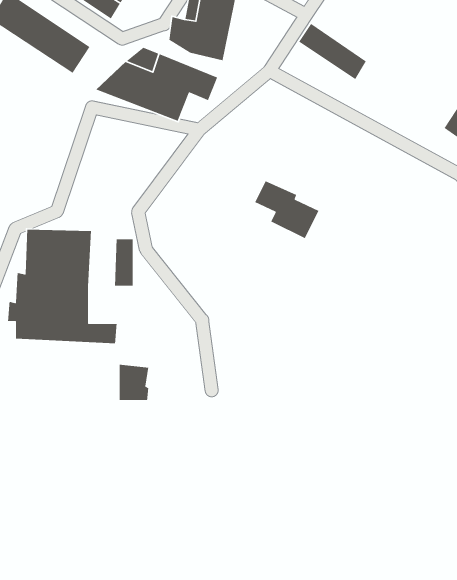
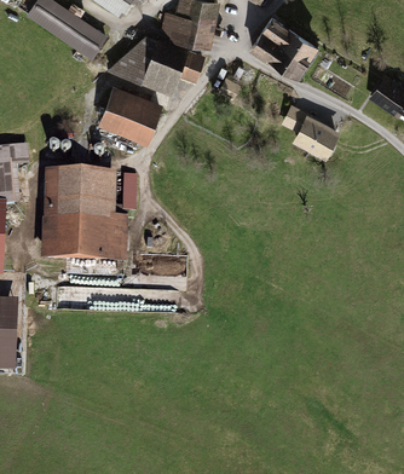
building: none -> [253,33,306,76]
building: none -> [102,92,160,138]
building: [254,180,320,239] -> [287,109,336,154]
building: [119,364,149,401] -> [104,218,127,245]

